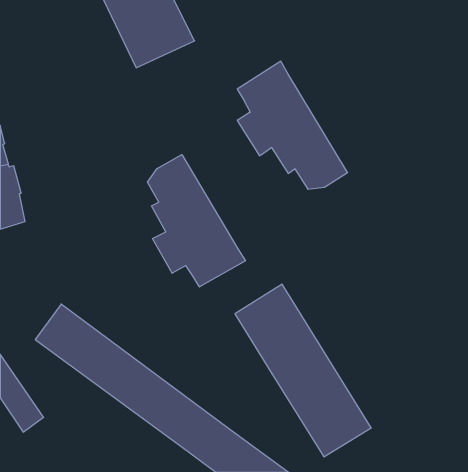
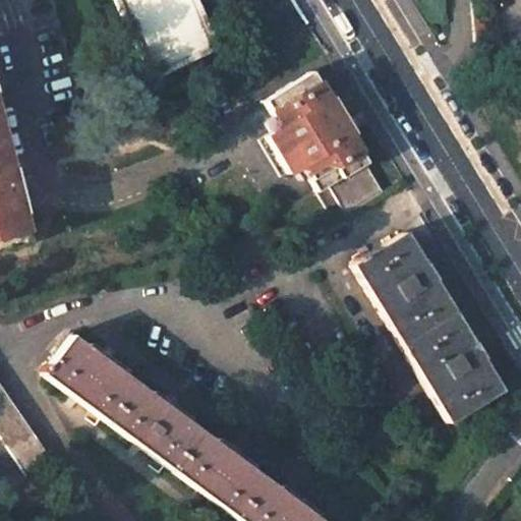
building: [147,155,245,287] -> none
building: [235,284,371,457] -> [354,231,504,420]

